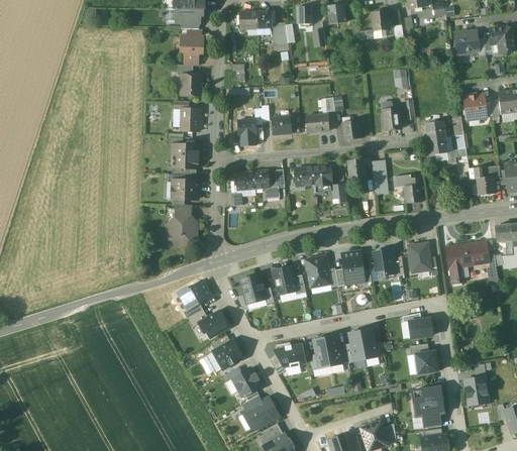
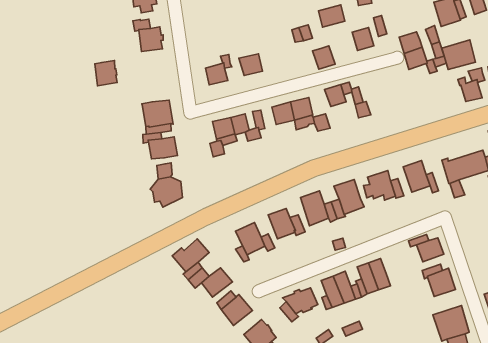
building: [181,109,201,130] -> [95,60,117,86]
building: [306,114,329,132] -> [318,5,345,27]
building: none -> [442,40,476,69]
building: [395,175,424,204] -> none

